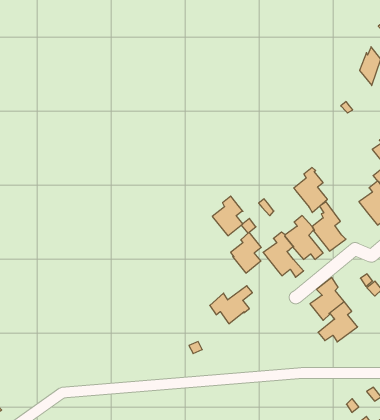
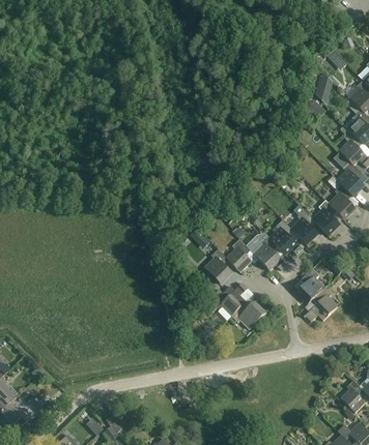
building: [294,168,327,213] -> [312,199,341,236]
building: [212,196,243,236] -> [204,247,230,280]
building: none -> [231,299,267,328]

